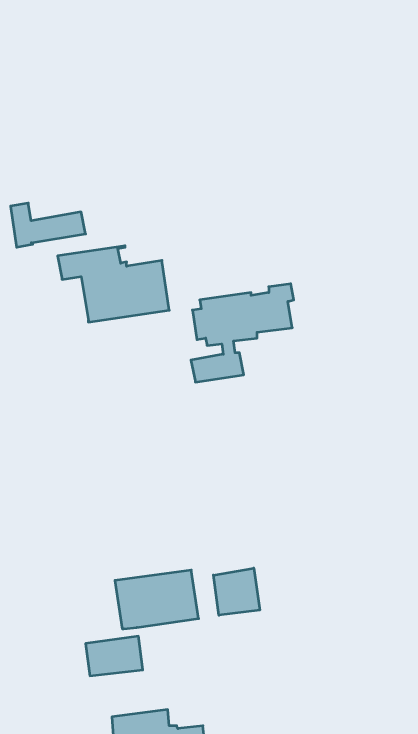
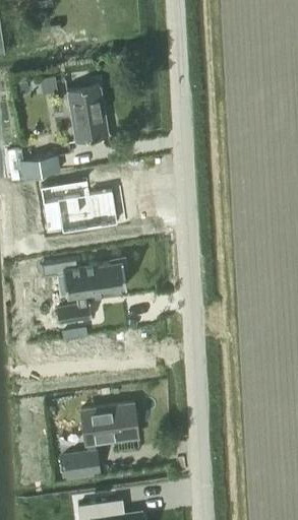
building: none -> [68,85,110,142]
building: [191,284,294,382] -> [57,257,128,325]
building: [213,568,260,615] -> none

